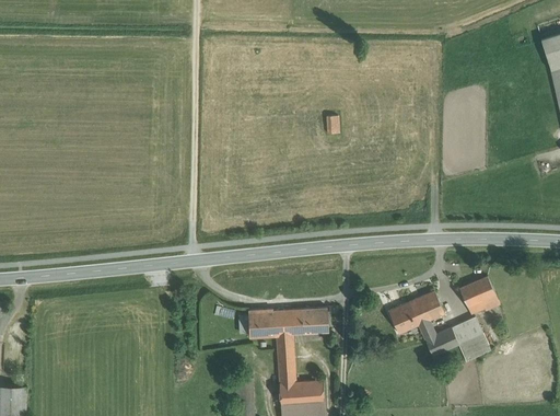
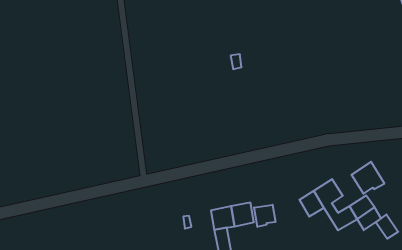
building: [249,310,277,336] -> none
building: none -> [254,205,275,227]
building: none -> [376,214,398,239]

